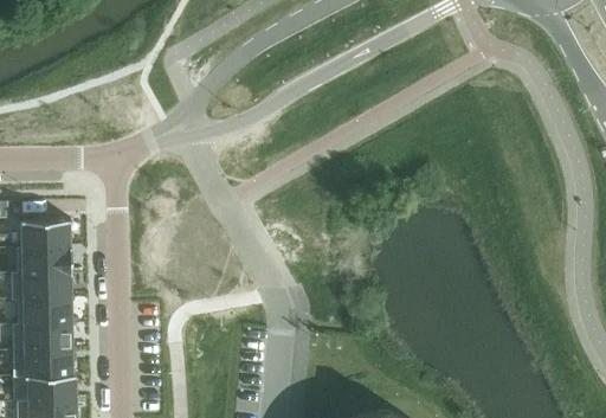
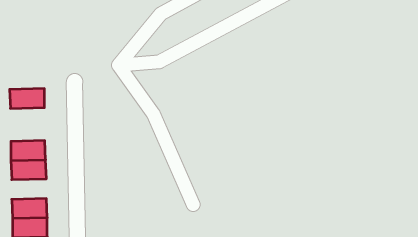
building: [20,214,70,243] -> [10,89,44,108]
building: [22,296,72,326] -> none

